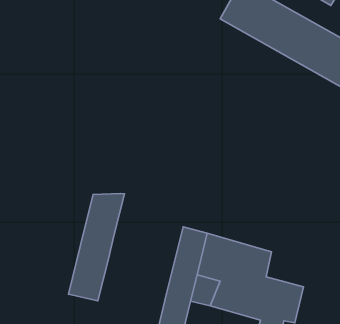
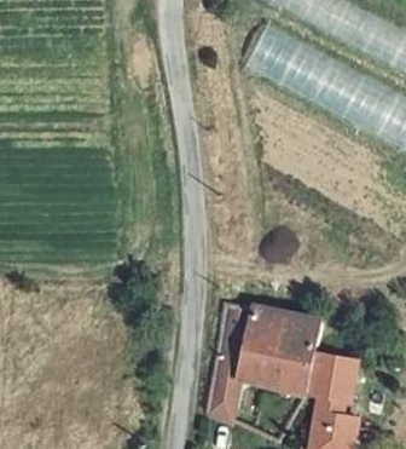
building: [69,193,124,301] -> none

